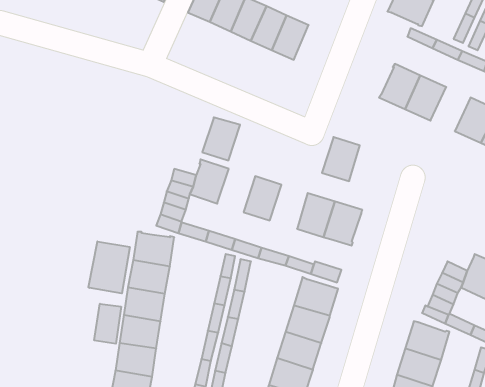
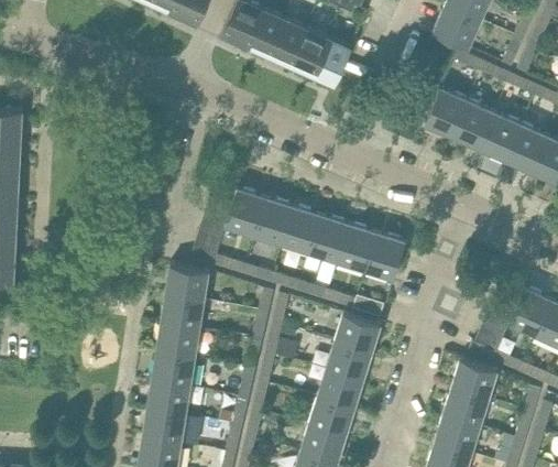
building: none -> [478,113,519,160]
building: [202,117,240,160] -> [254,199,294,245]
building: [322,137,360,181] -> [309,216,349,262]
building: [88,241,130,293] -> none
building: [94,304,121,344] -> none

